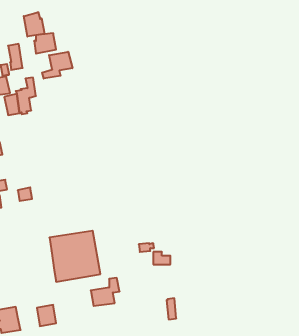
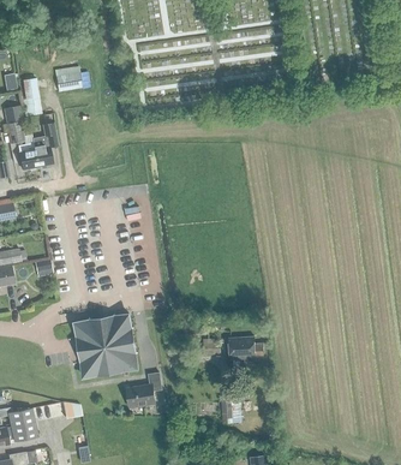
building: [24,12,45,37] -> none
building: [42,52,72,79] -> none
building: none -> [227,330,263,362]

